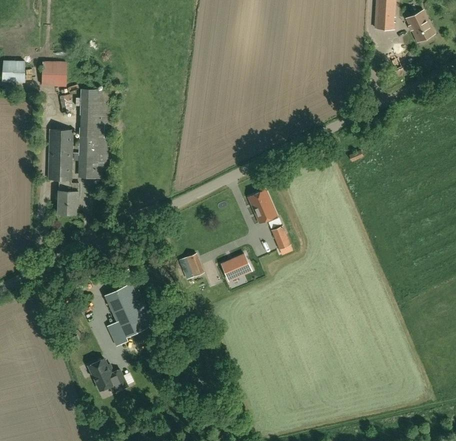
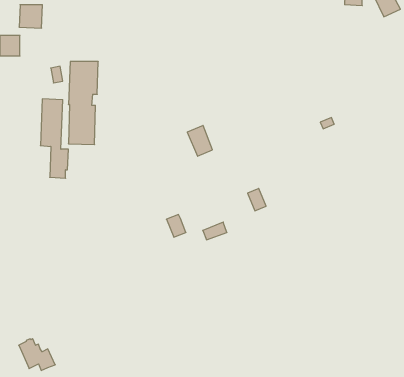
building: [41,62,66,87] -> [19,5,42,28]
building: [248,189,275,222] -> [187,125,212,156]
building: [105,271,153,344] -> none
building: [88,358,127,392] -> [19,339,55,370]

